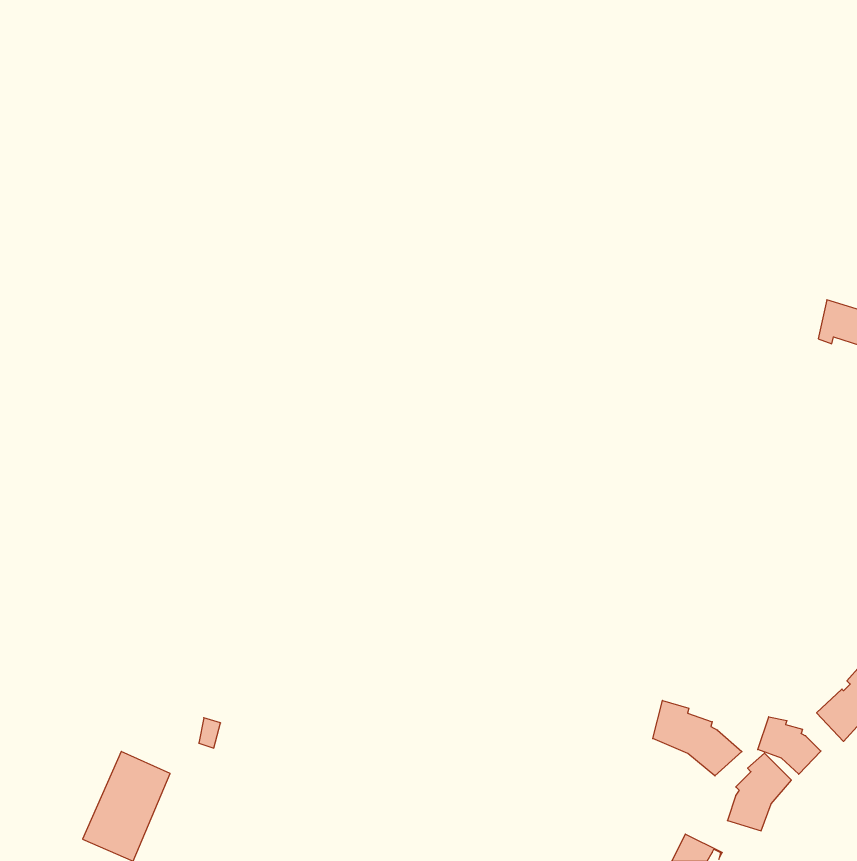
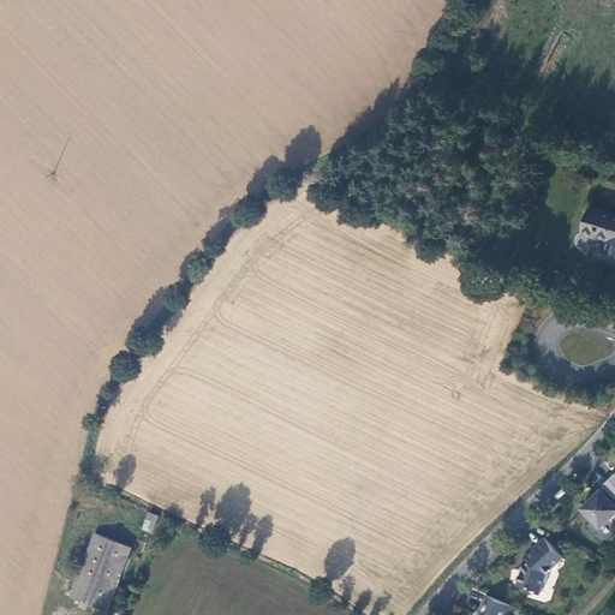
building: [653,700,742,776] -> none
building: [758,717,821,774] -> none

